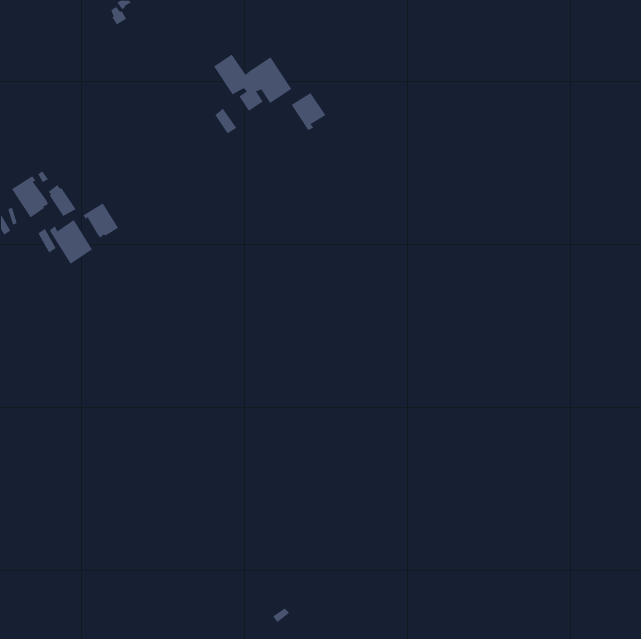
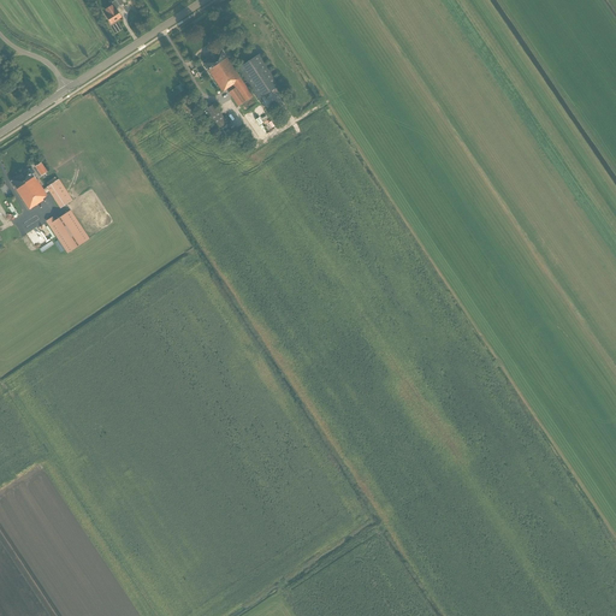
building: [291,92,326,131] -> none
building: [83,202,119,238] -> none

